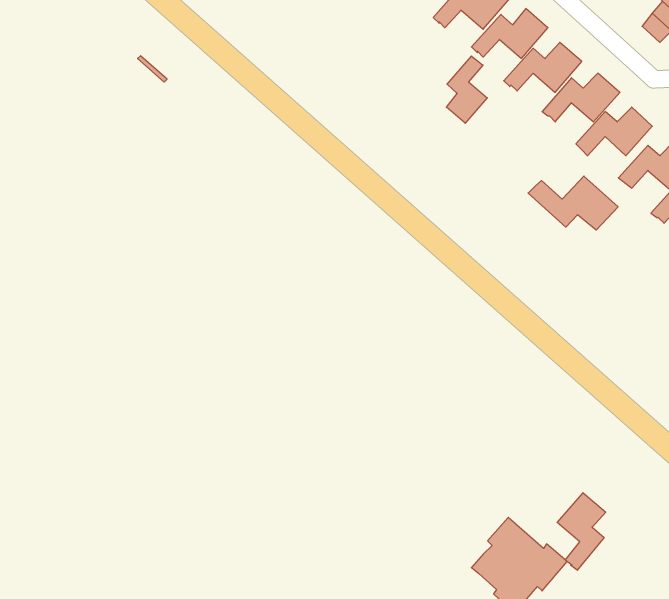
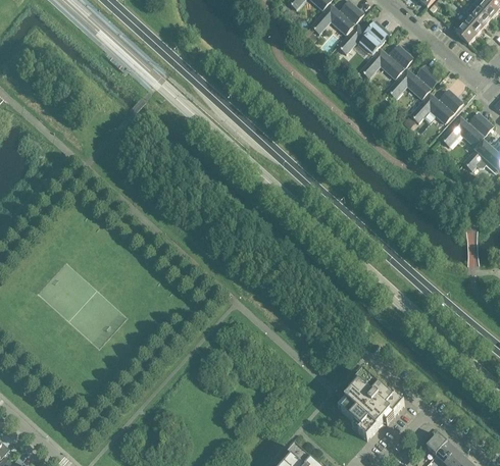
building: [446,56,487,123] -> none
building: [528,176,618,230] -> none
building: [557,493,606,570] -> none

